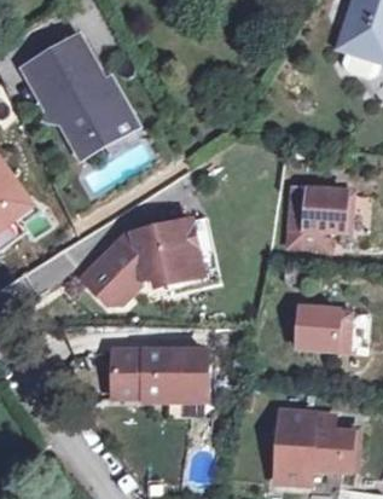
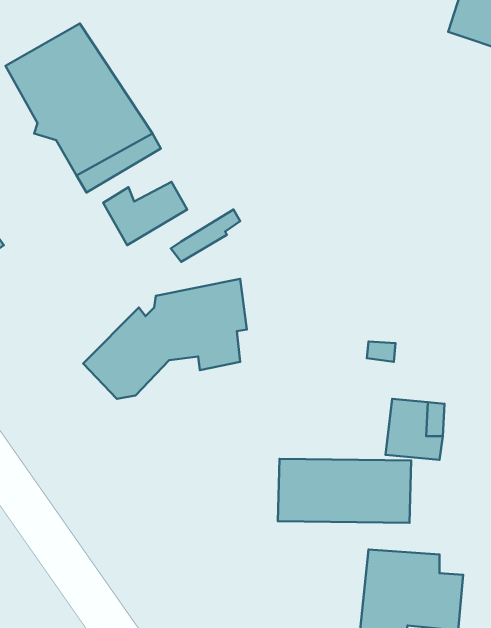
building: none -> [103,182,187,245]
building: [288,185,355,246] -> none
building: [110,353,205,399] -> [278,459,411,523]

